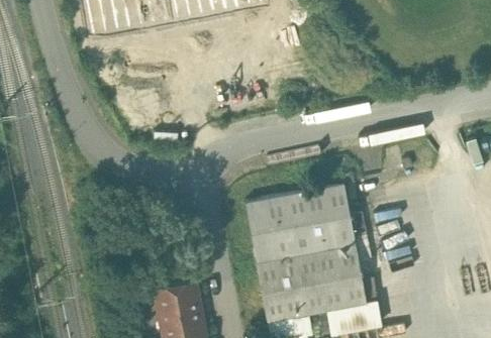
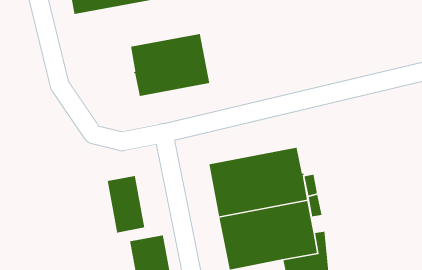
building: none -> [130,33,210,97]
building: none -> [107,175,145,233]

